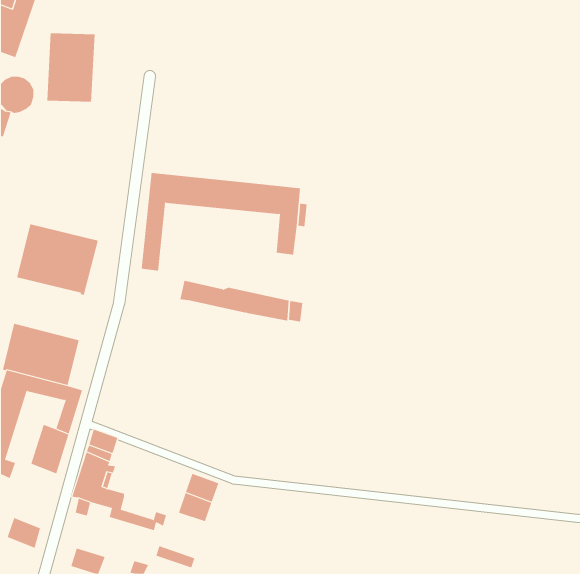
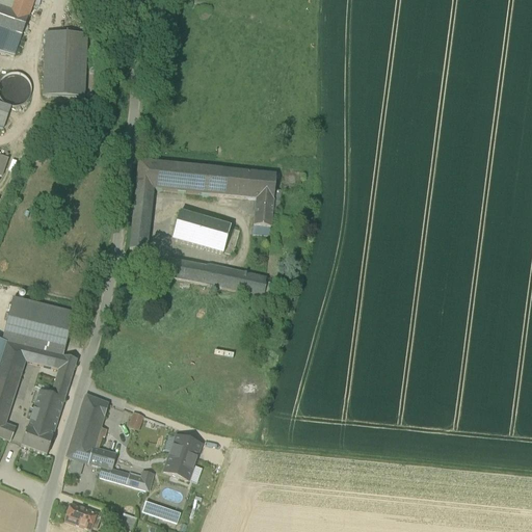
building: [16,224,98,295] -> none
building: none -> [171,210,230,252]
building: [7,518,41,548] -> [21,425,52,453]

